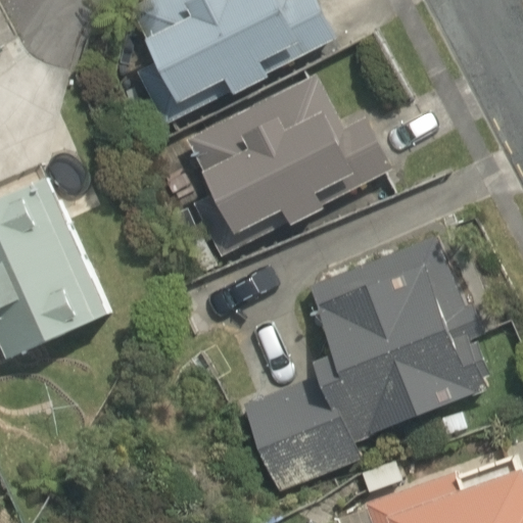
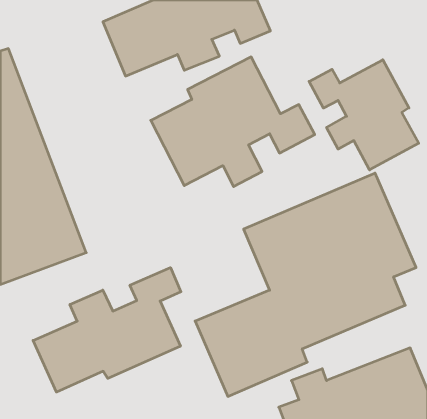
building: none -> [309,60,419,170]
building: none -> [33,268,181,392]

